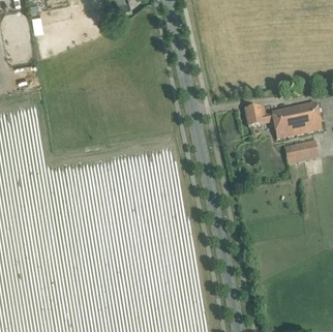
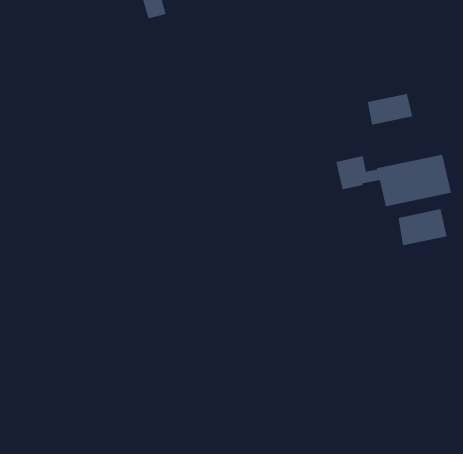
building: none -> [367,93,413,125]

